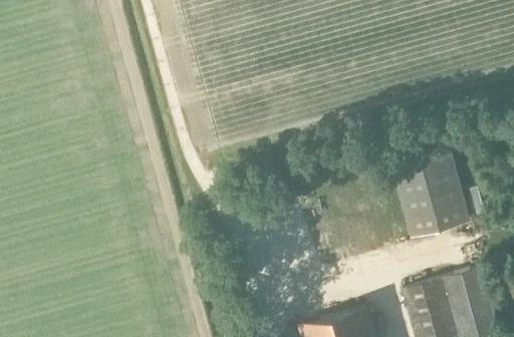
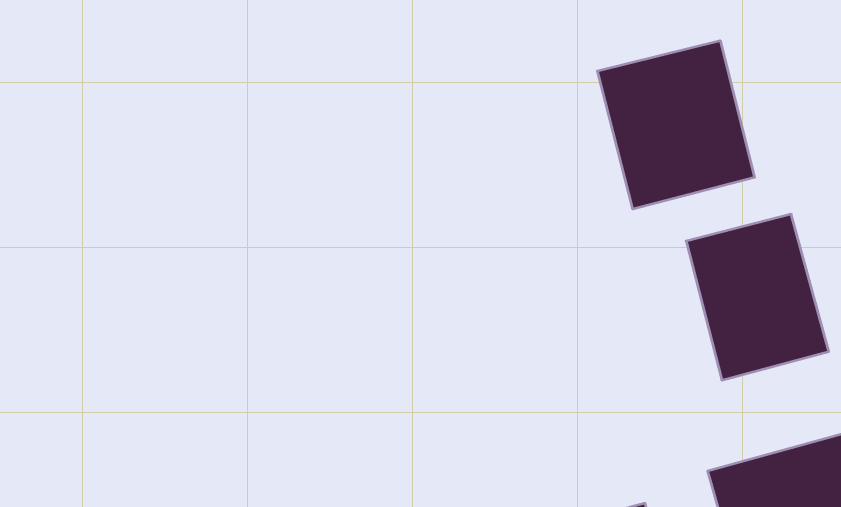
building: none -> [597,41,755,209]

